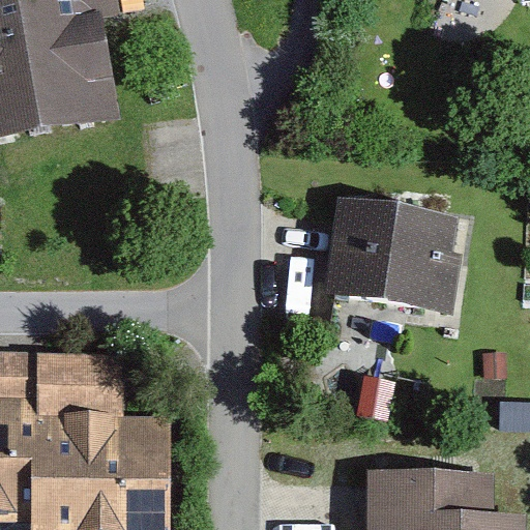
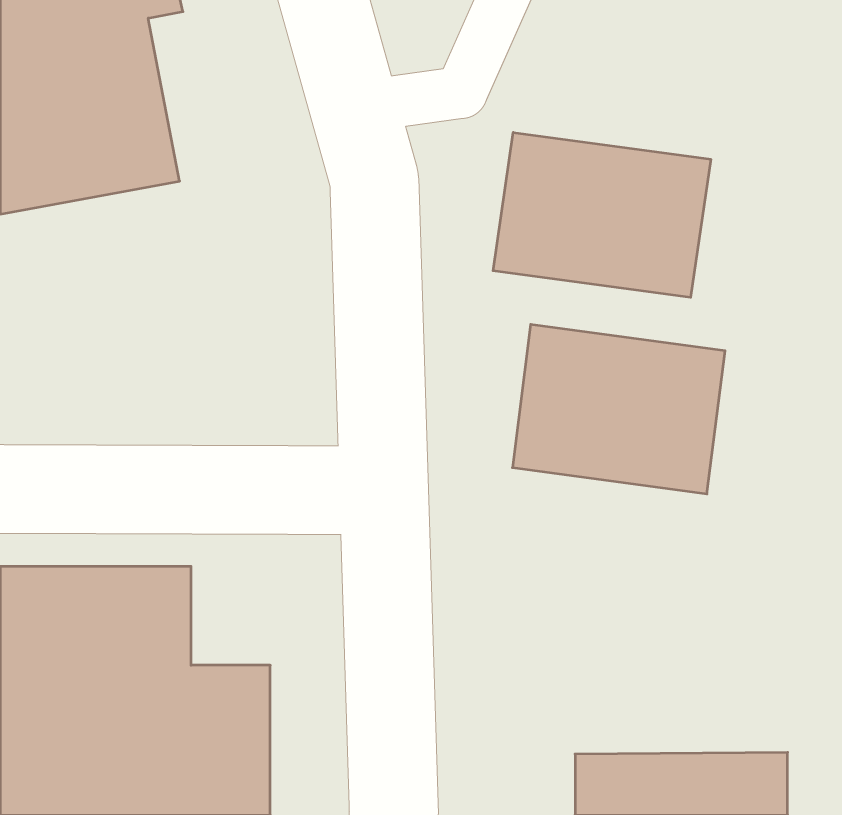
building: none -> [493,132,711,297]

